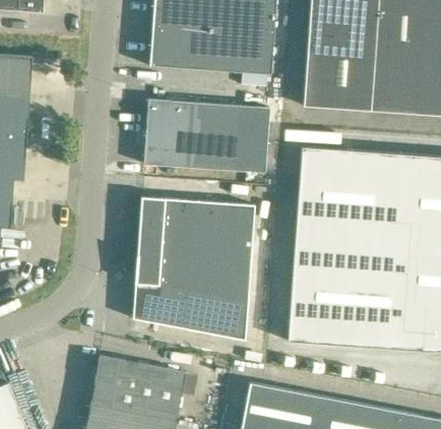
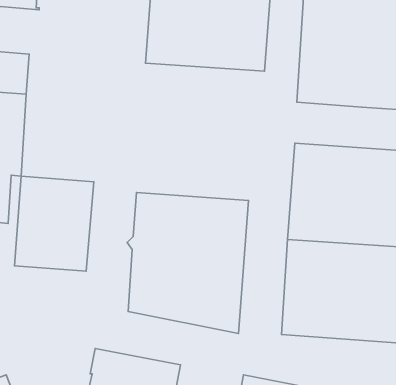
building: [143,100,269,173] -> none
building: none -> [14,176,94,271]

